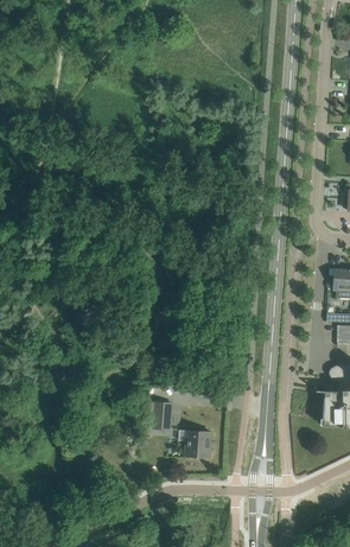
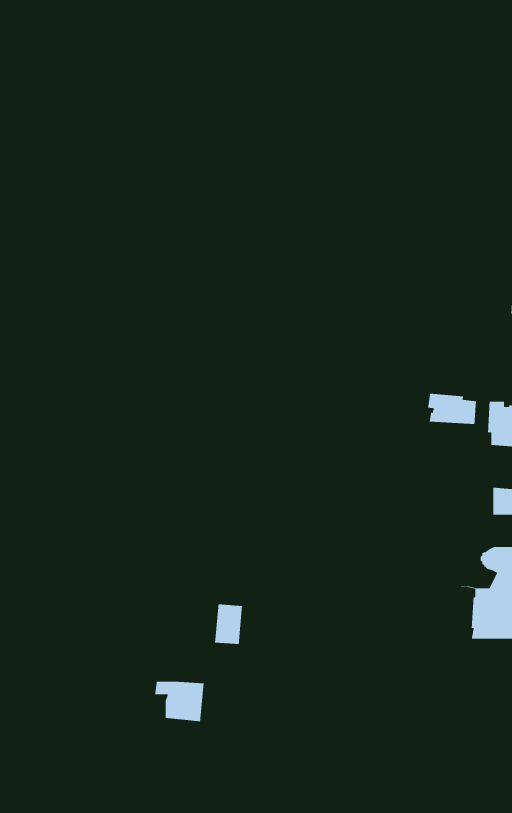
building: none -> [427,393,477,425]
building: [178,430,211,457] -> [154,681,204,722]

